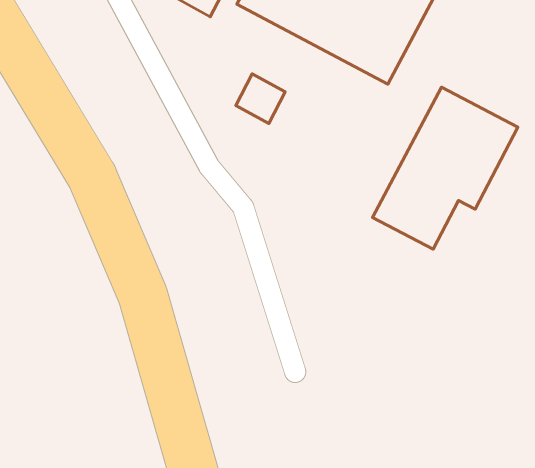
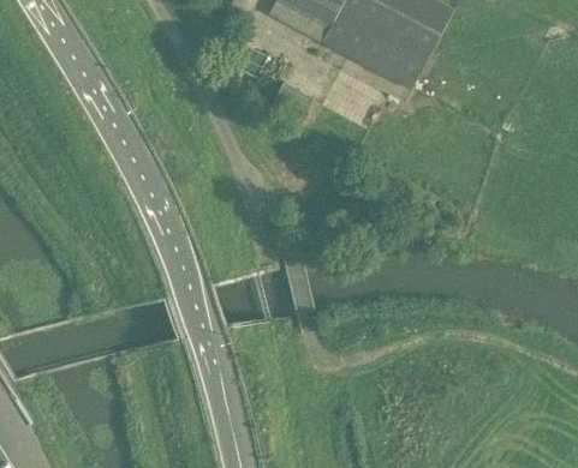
building: [372,87,518,249] -> none

